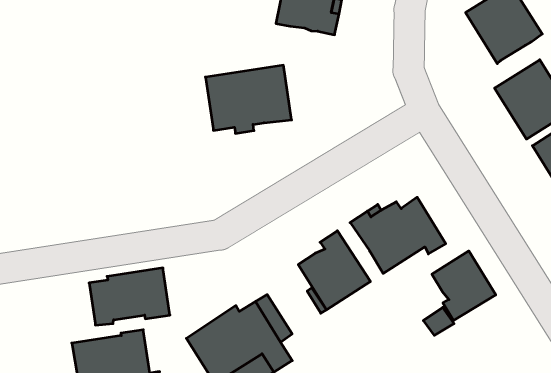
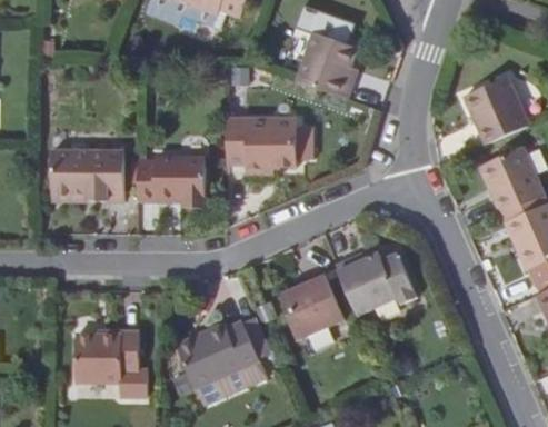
building: none -> [51,149,123,200]
building: [432,251,496,321] -> none
building: [89,268,170,325] -> [138,158,205,200]

